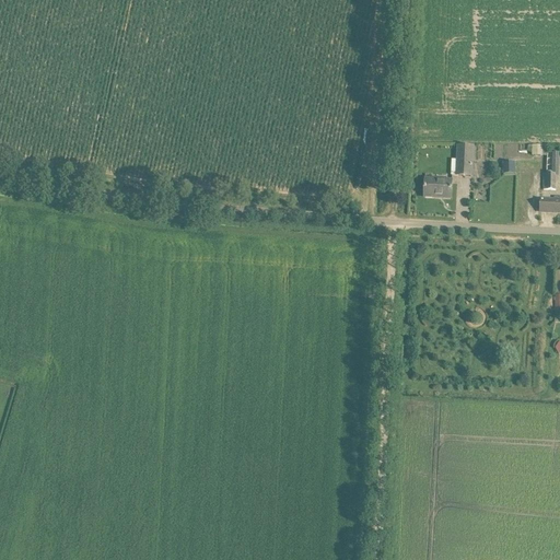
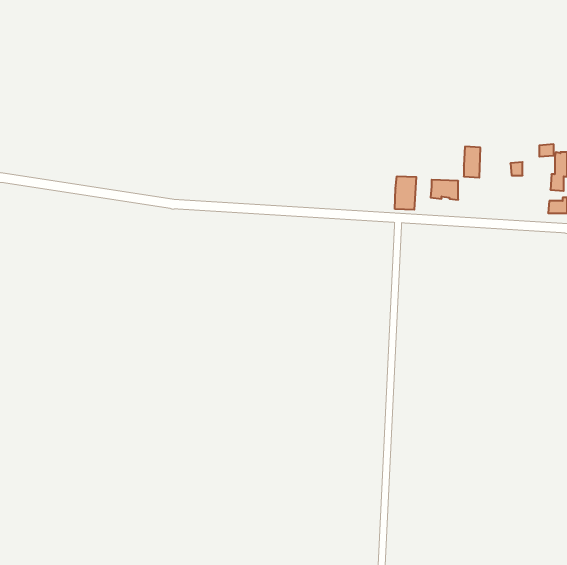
building: none -> [395,176,416,210]

